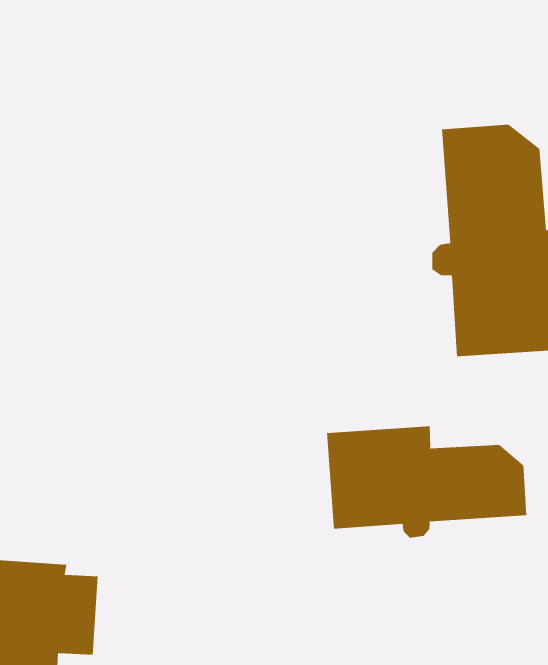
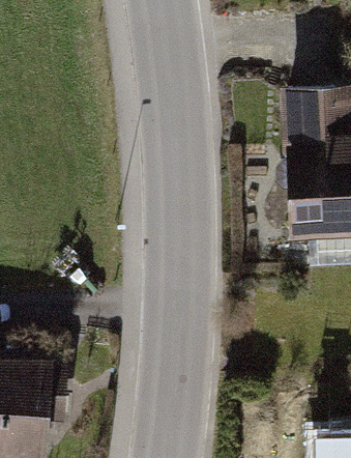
building: [327,425,527,538] -> none

